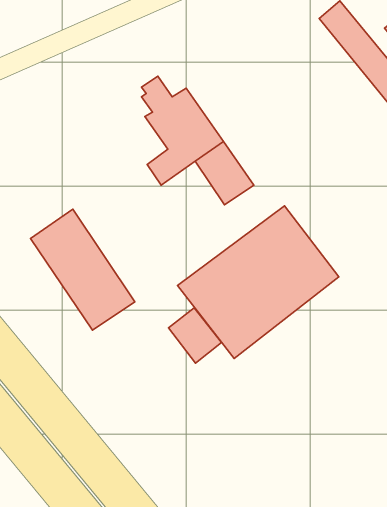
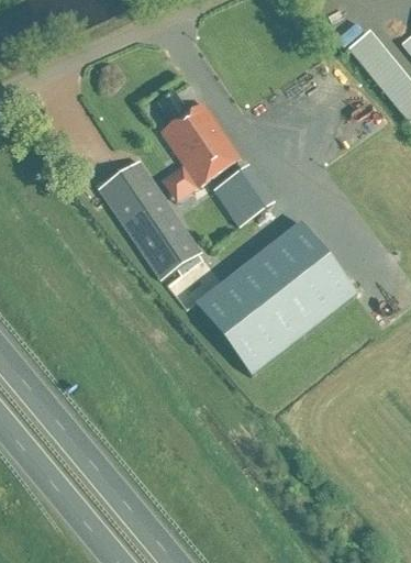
building: [30,209,135,330] -> [97,158,202,280]
building: [168,308,222,363] -> none

